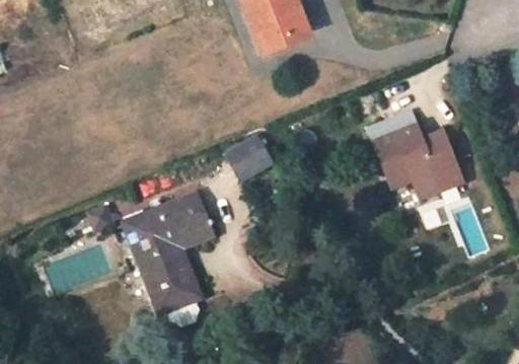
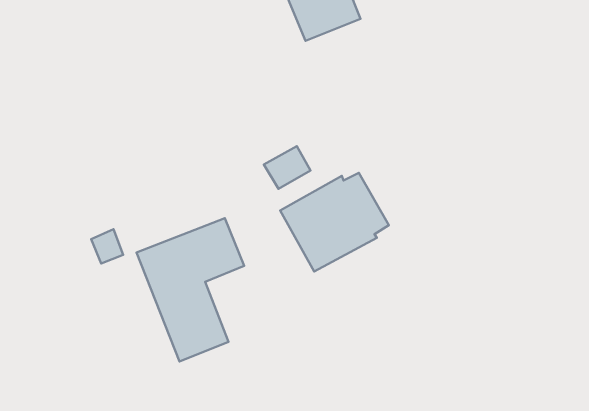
building: [369,113,461,197] -> none
building: none -> [280,173,389,272]

